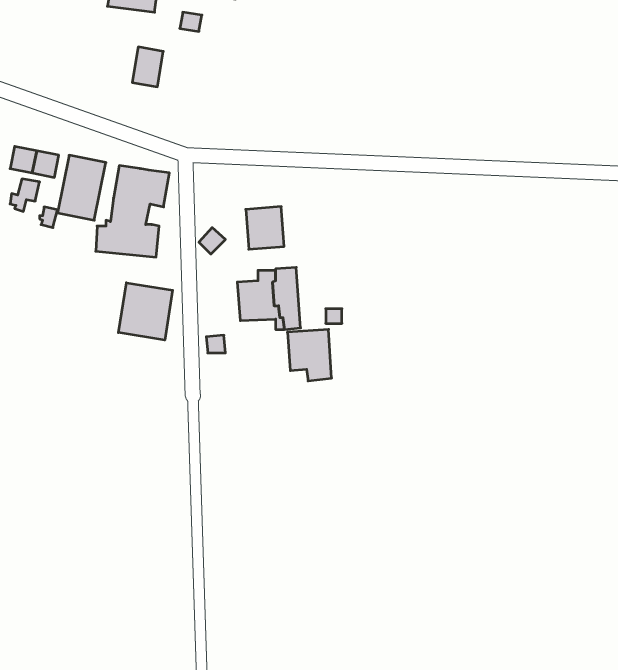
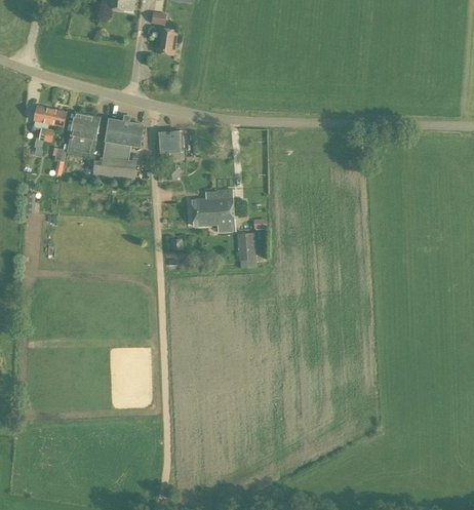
building: [132,47,163,87] -> [155,27,176,54]
building: [246,207,284,249] -> [156,130,183,160]
building: [118,283,173,340] -> none

